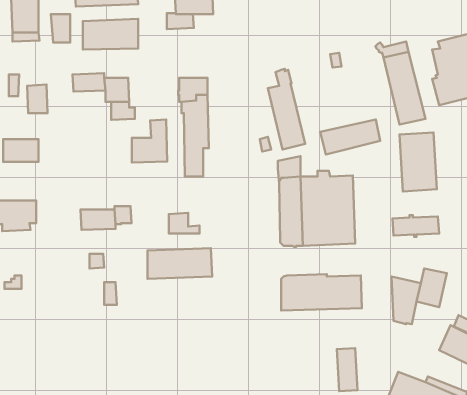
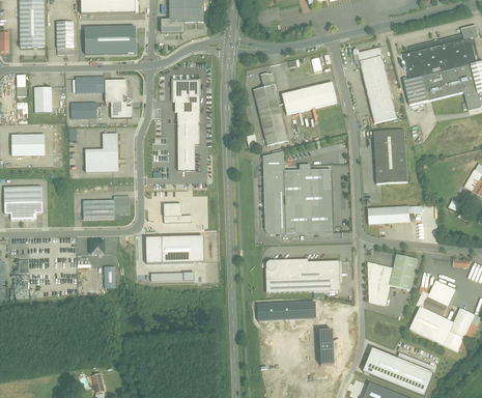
building: none -> [70,103,96,119]
building: [320,119,380,155] -> [281,82,336,114]
building: [132,120,167,163] -> [85,133,117,172]
building: none -> [256,300,315,319]

